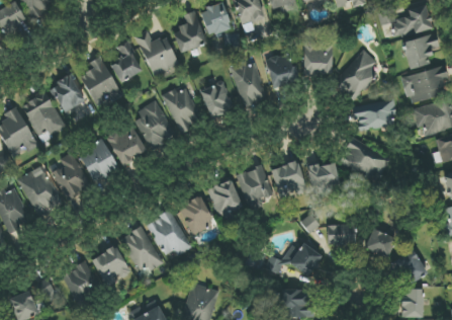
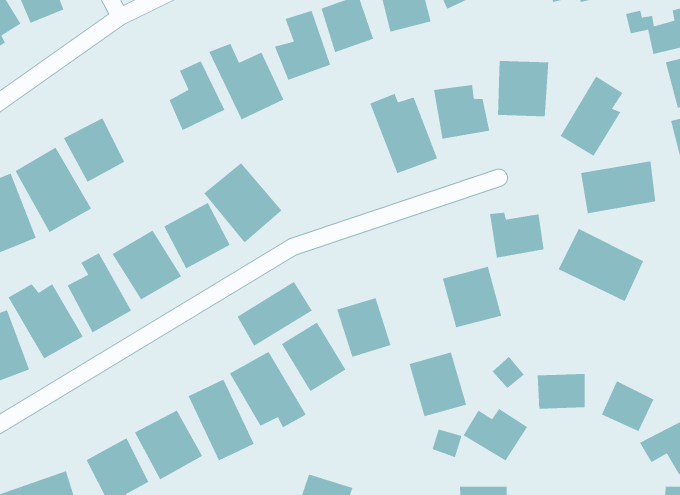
building: [81,57,120,106] -> none
building: [199,81,234,117] -> none
building: [164,89,200,131] -> none
building: [306,162,339,189] -> [489,212,544,259]
building: [239,165,273,204] -> [408,351,467,417]
building: none -> [237,281,313,347]

